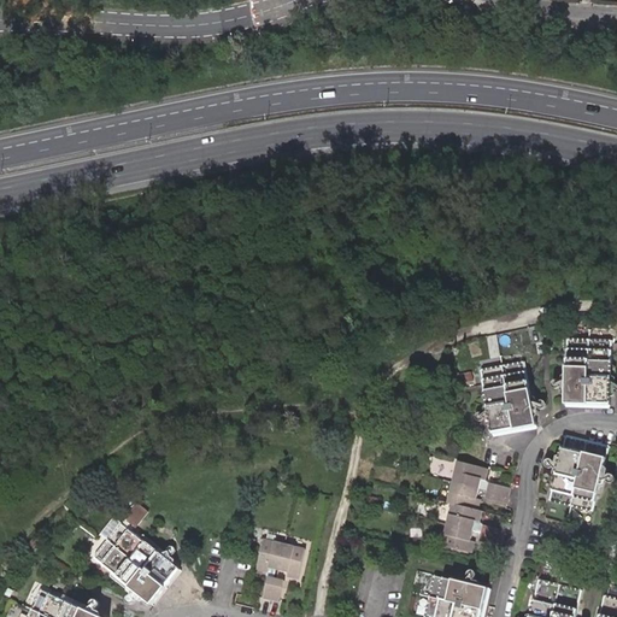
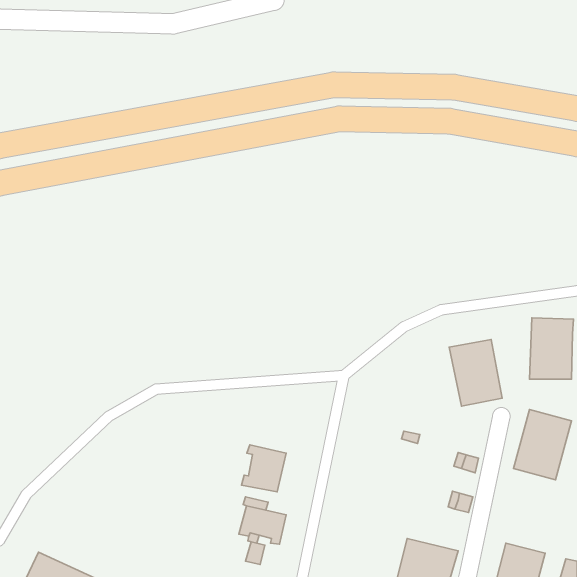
building: [439,462,487,551] -> none
building: none -> [242,445,286,492]
building: [93,505,178,605] -> none

